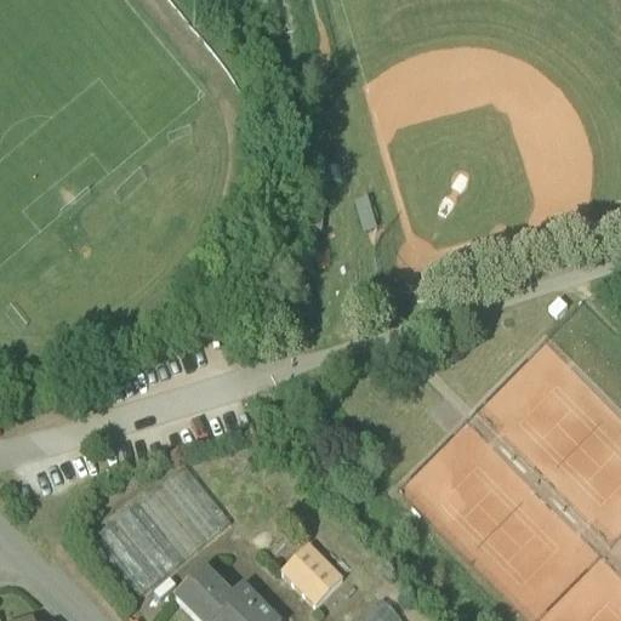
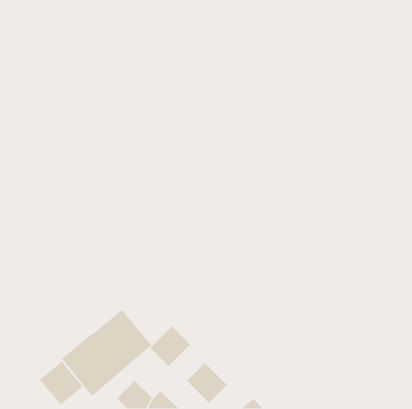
building: none -> [150,325,191,367]
building: none -> [39,361,84,406]

